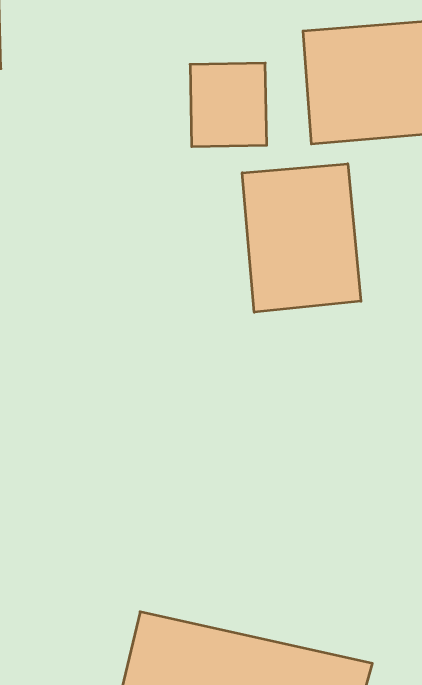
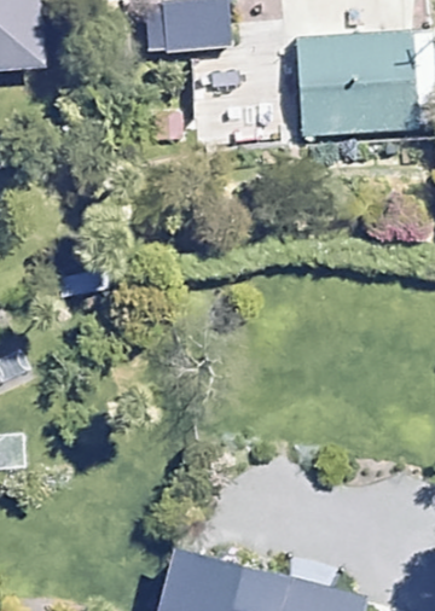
building: [242,164,361,312] -> none

